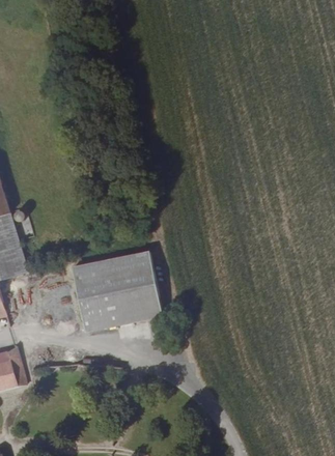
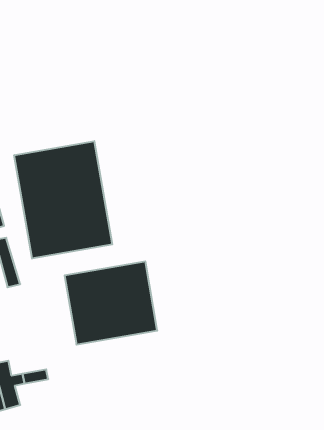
building: none -> [14,141,112,259]

